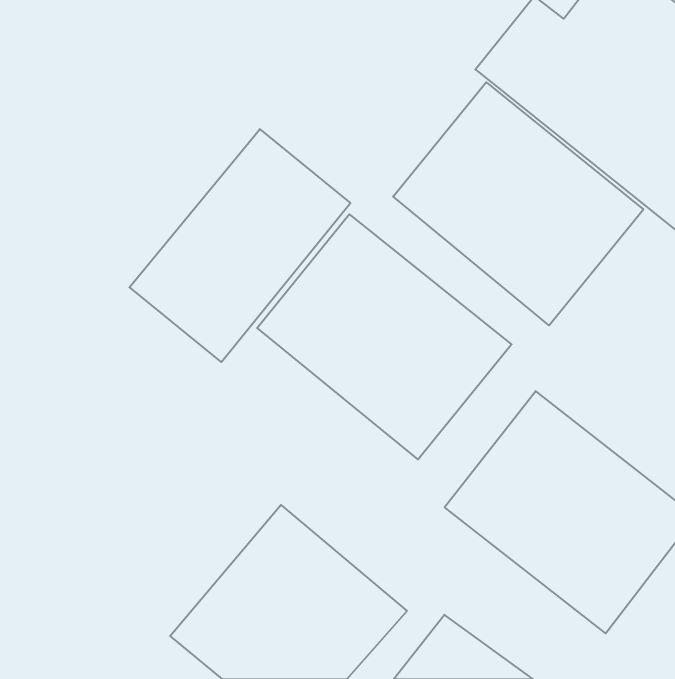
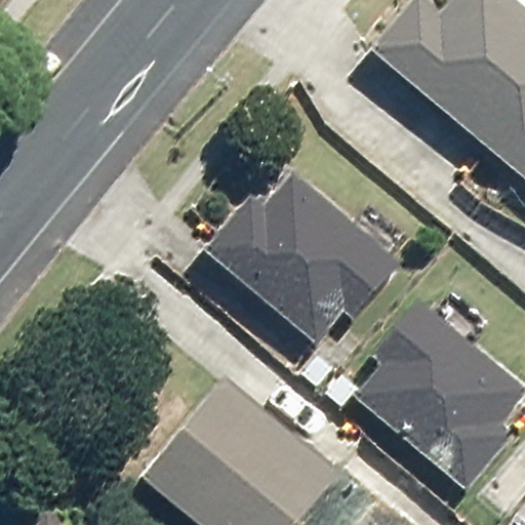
building: [393,82,643,325] -> none
building: [129,129,350,362] -> none

